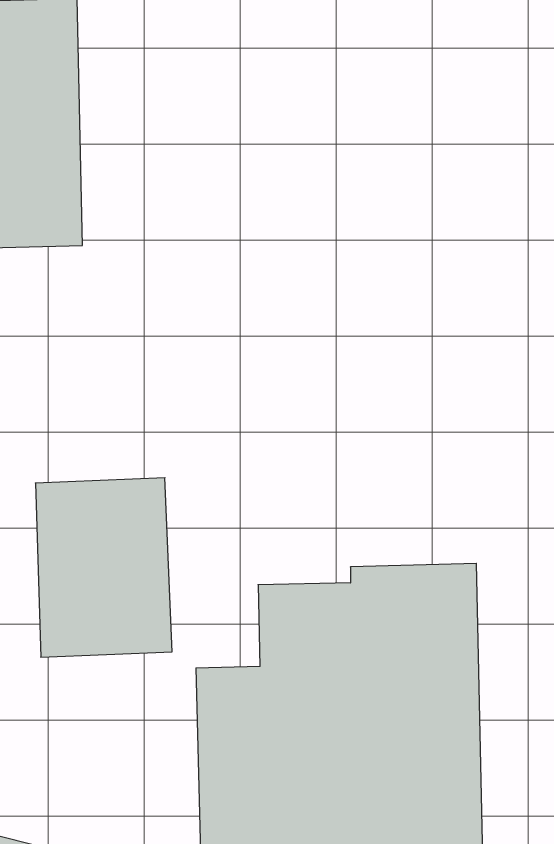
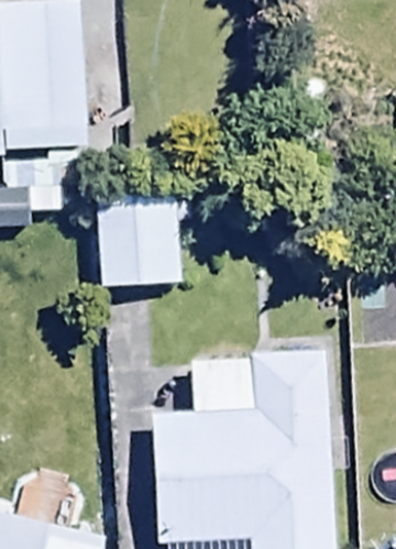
building: [35,478,172,657] -> [98,178,183,289]

